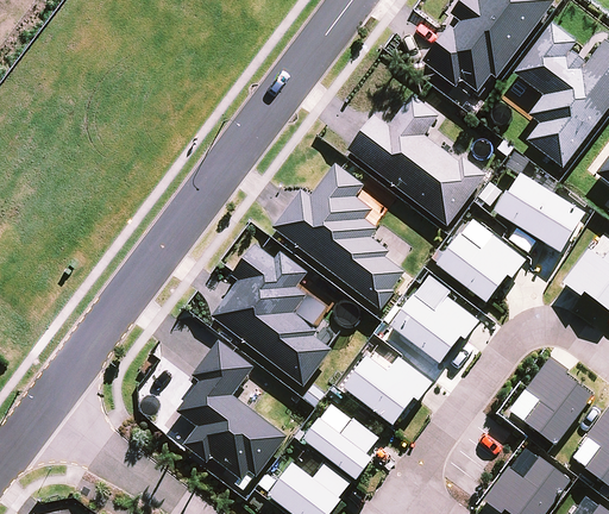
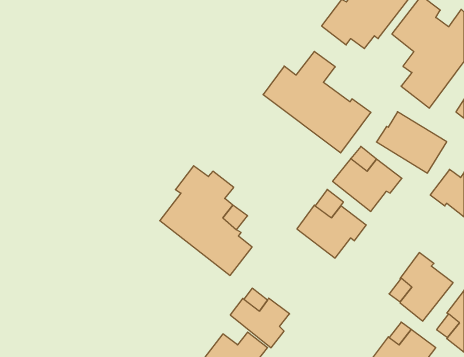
building: [271,163,404,309] -> none
building: [176,339,287,478] -> none
building: [341,355,432,425] -> none

